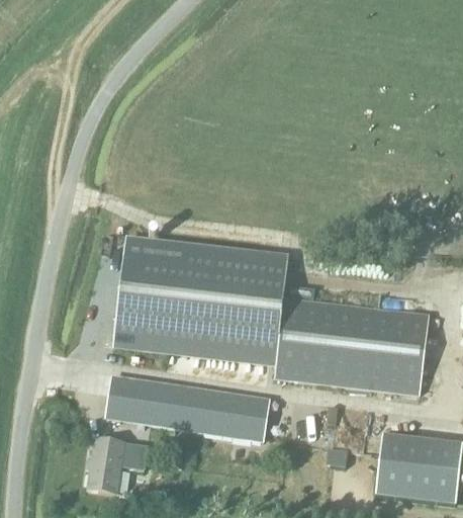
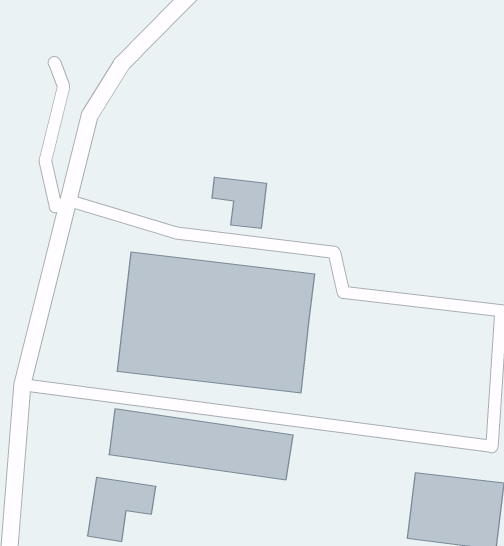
building: none -> [212,177,266,228]
building: [275,298,430,395] -> none

